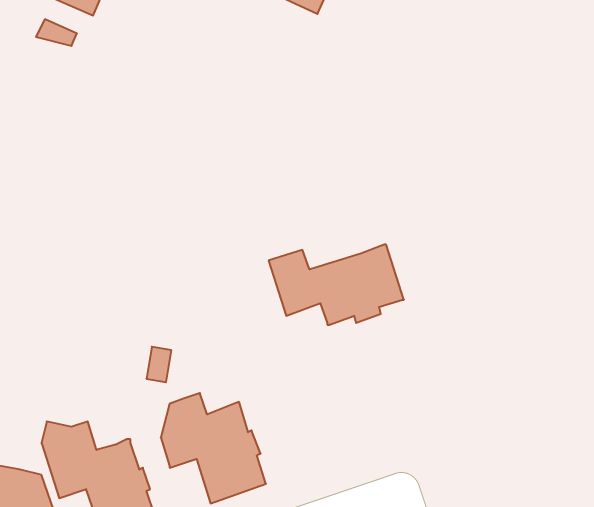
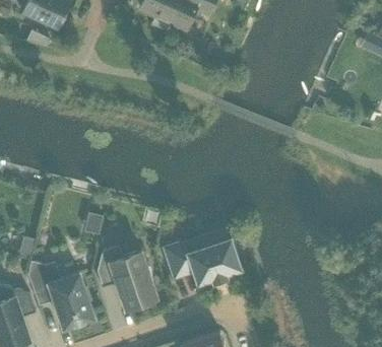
building: [269,245,404,325] -> [164,239,241,285]

